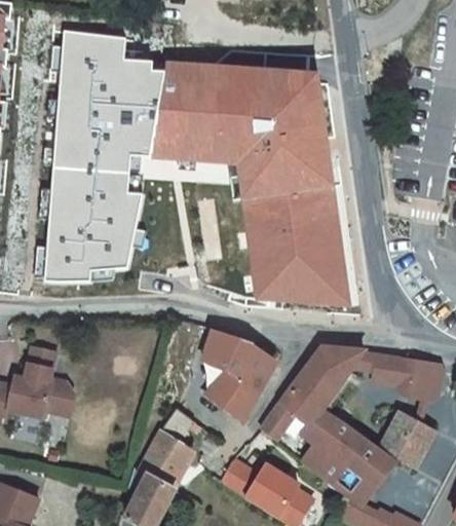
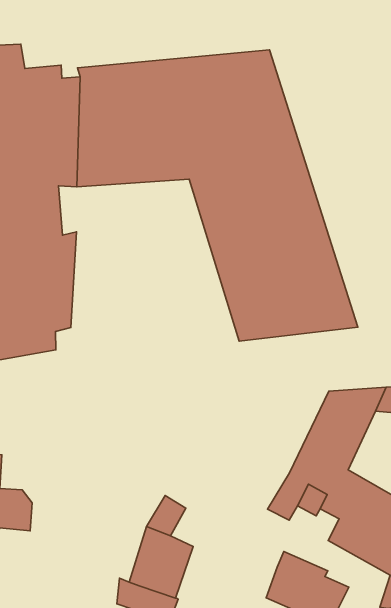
building: [202,329,273,420] -> none
building: [218,459,258,499] -> none

